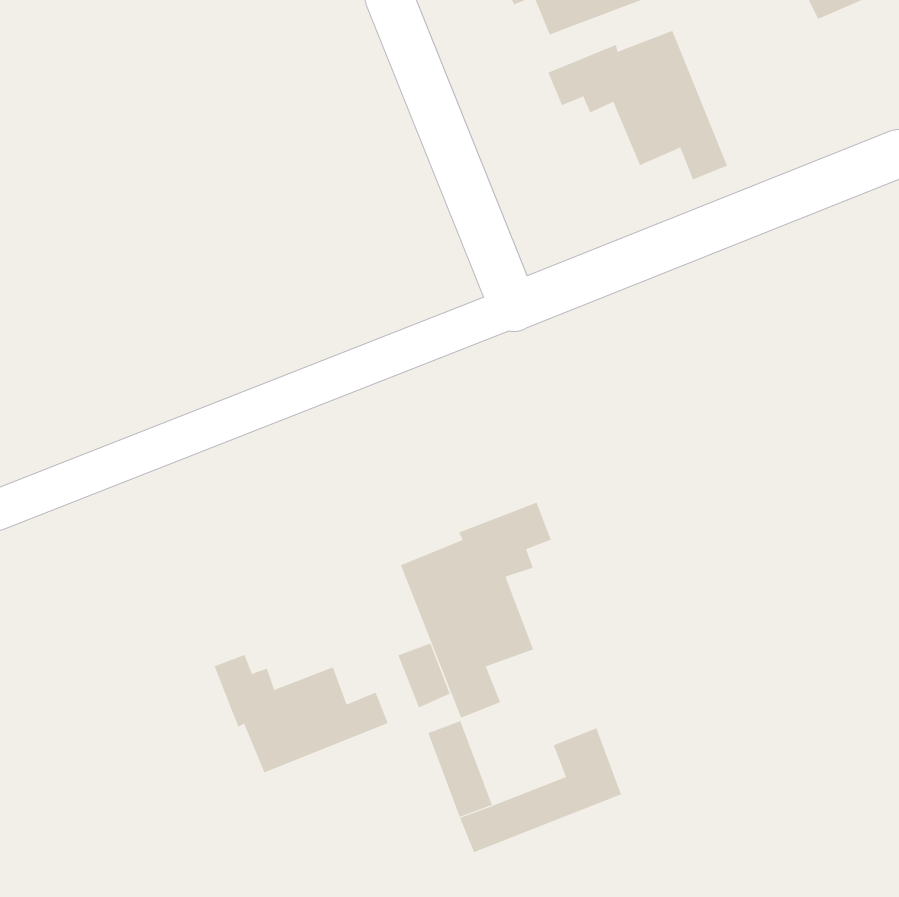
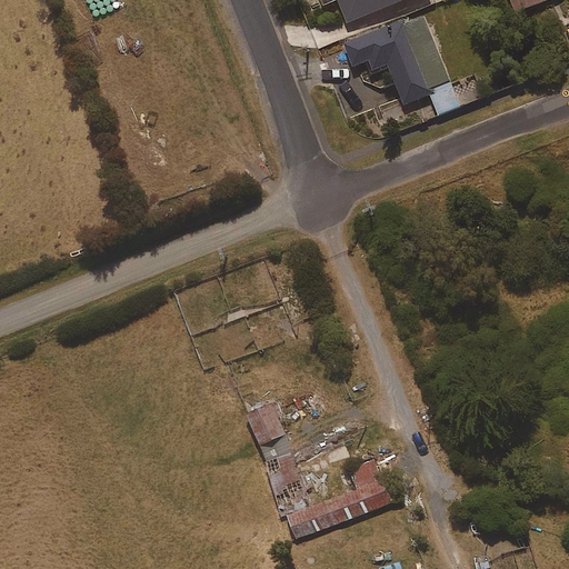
building: [400,502,551,718] -> none
building: [214,654,388,773] -> none

